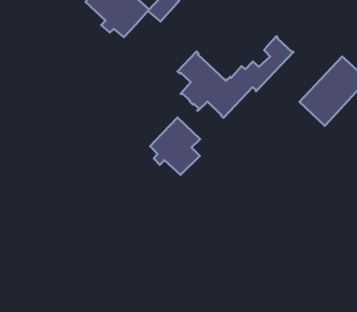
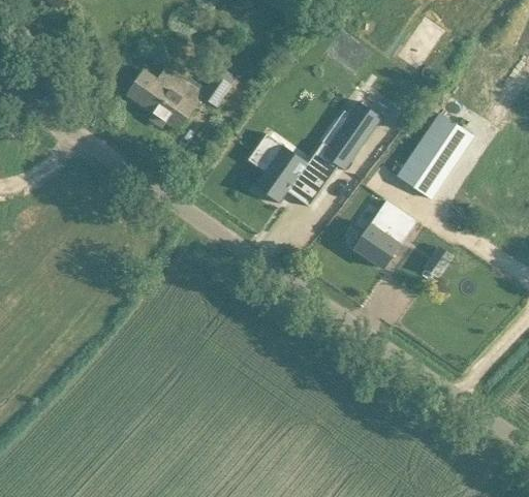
building: [150,118,200,175] -> none
building: none -> [354,201,415,268]

